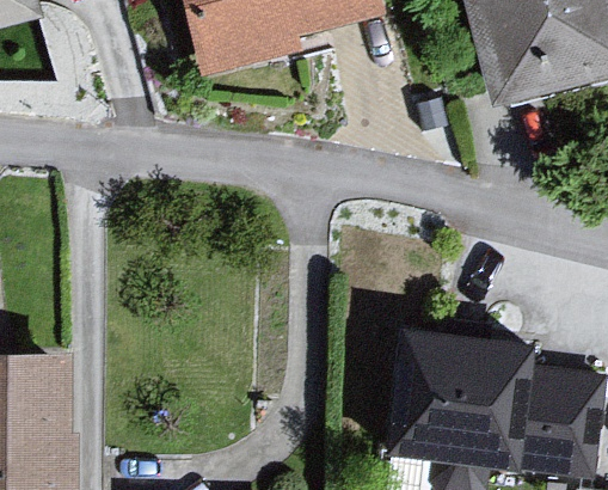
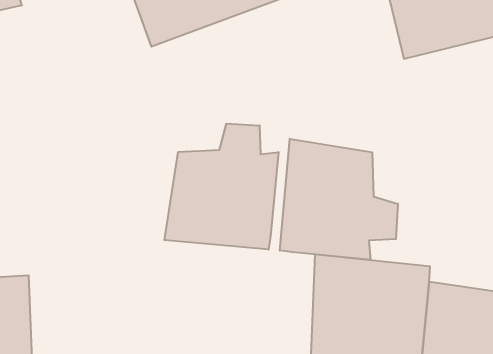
building: none -> [165,124,278,250]
building: none -> [280,139,398,260]

